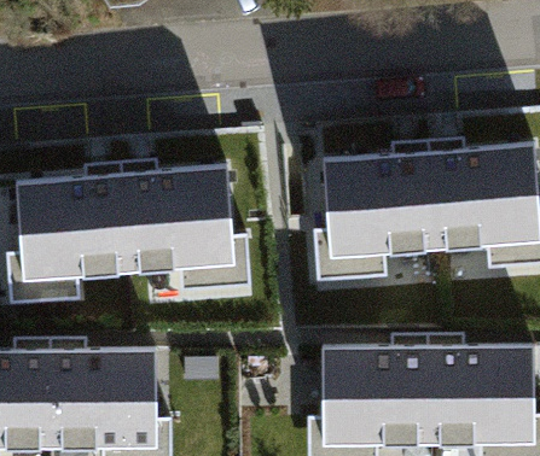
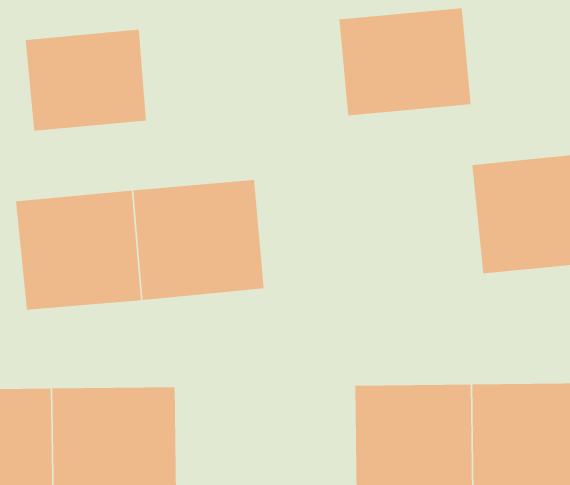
building: none -> [339,8,471,116]
building: none -> [25,29,146,132]
building: [321,153,435,261] -> none

